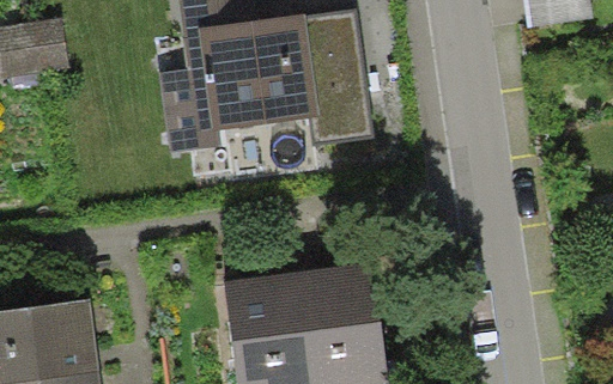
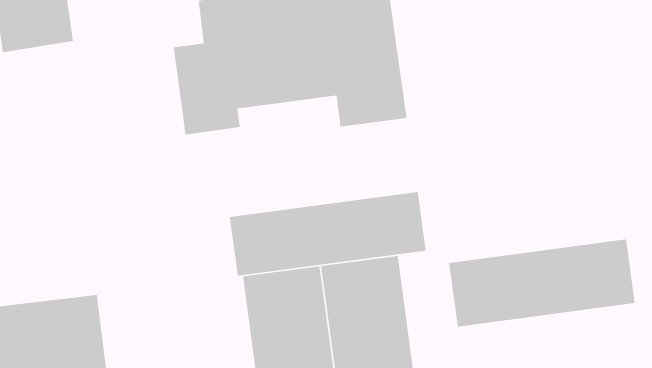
building: none -> [229,191,427,277]
building: none -> [448,238,636,328]

